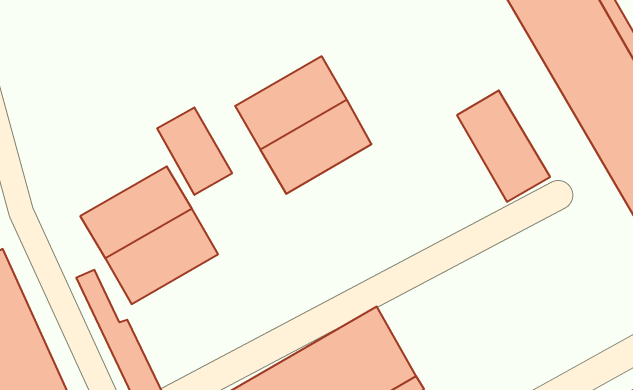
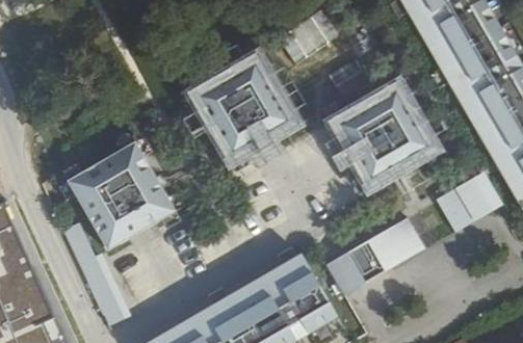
building: [157,107,232,195] -> none
building: none -> [329,100,404,189]
building: none -> [437,173,500,231]
building: none -> [325,216,425,294]

